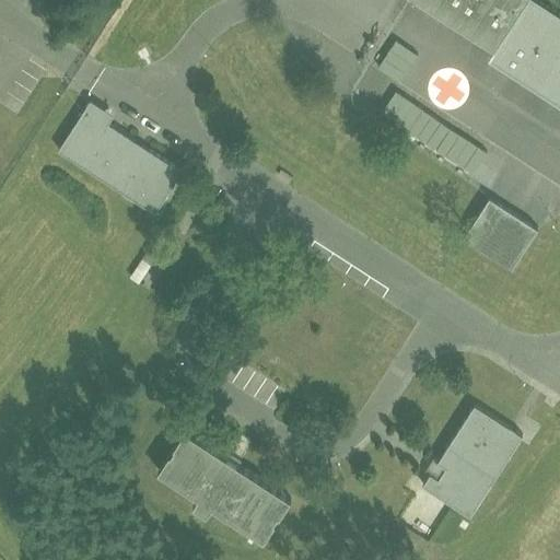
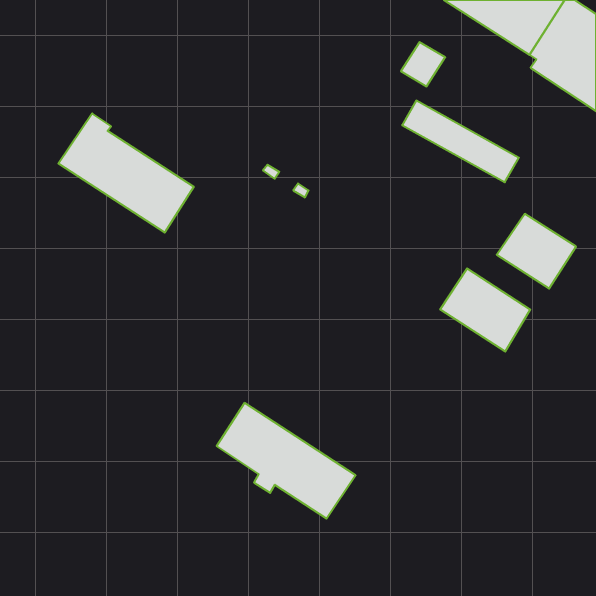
building: none -> [440,268,530,352]
building: [423,409,521,518] -> none
building: [160,434,290,542] -> [217,403,356,519]

